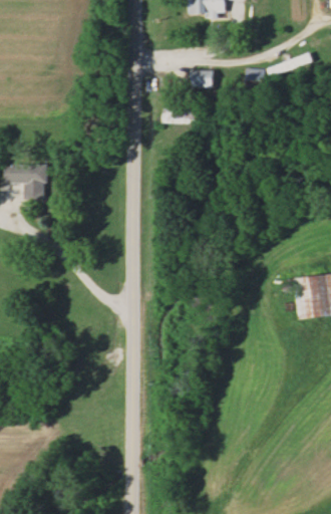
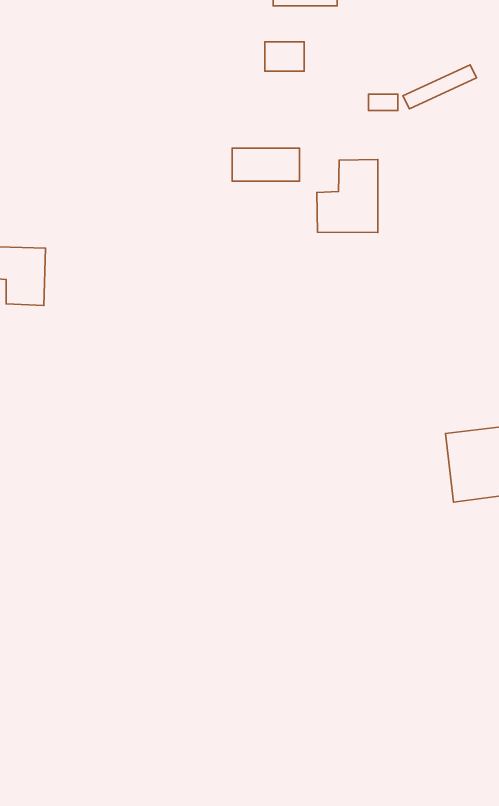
building: [192,69,216,87] -> [265,42,304,71]
building: none -> [317,159,378,232]

